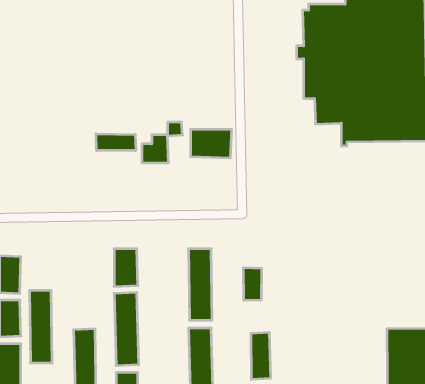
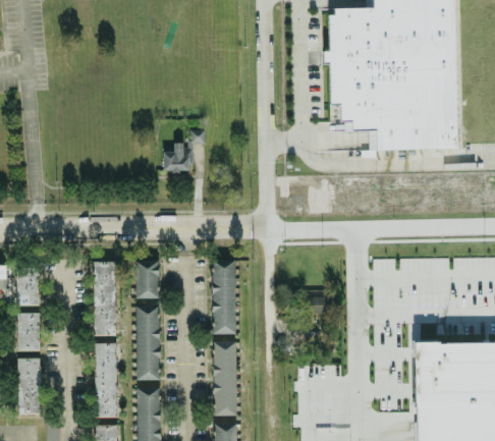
building: [191,129,231,158] -> none
building: [96,134,136,151] -> none
building: [243,268,261,300] -> none
building: [29,291,52,363] -> [93,261,116,335]
building: [251,332,270,380] -> none

